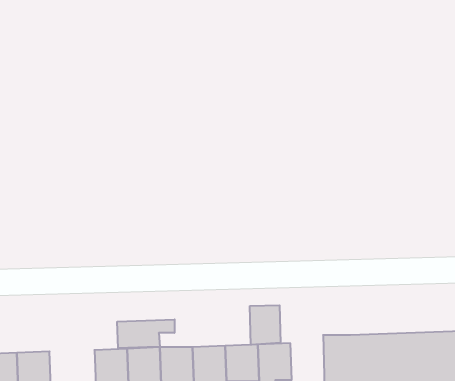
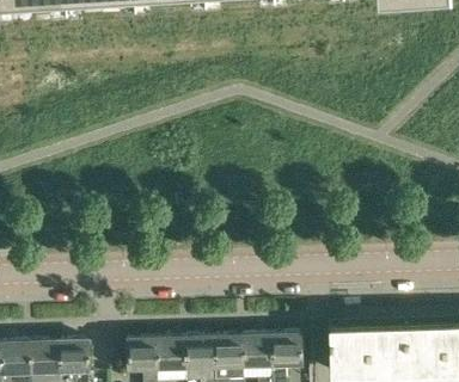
building: [250,305,281,345] -> none
building: [117,319,175,348] -> none

